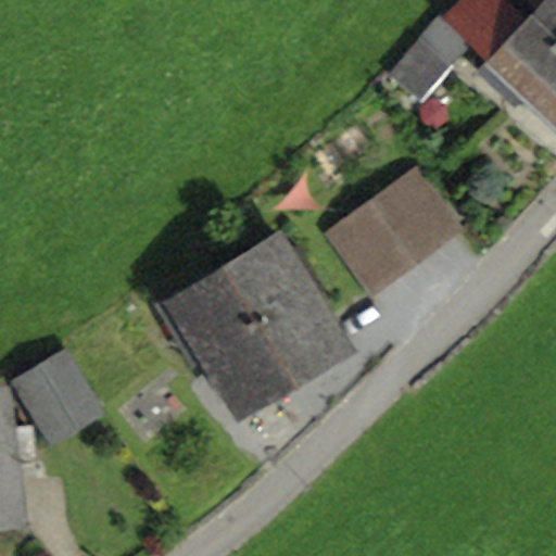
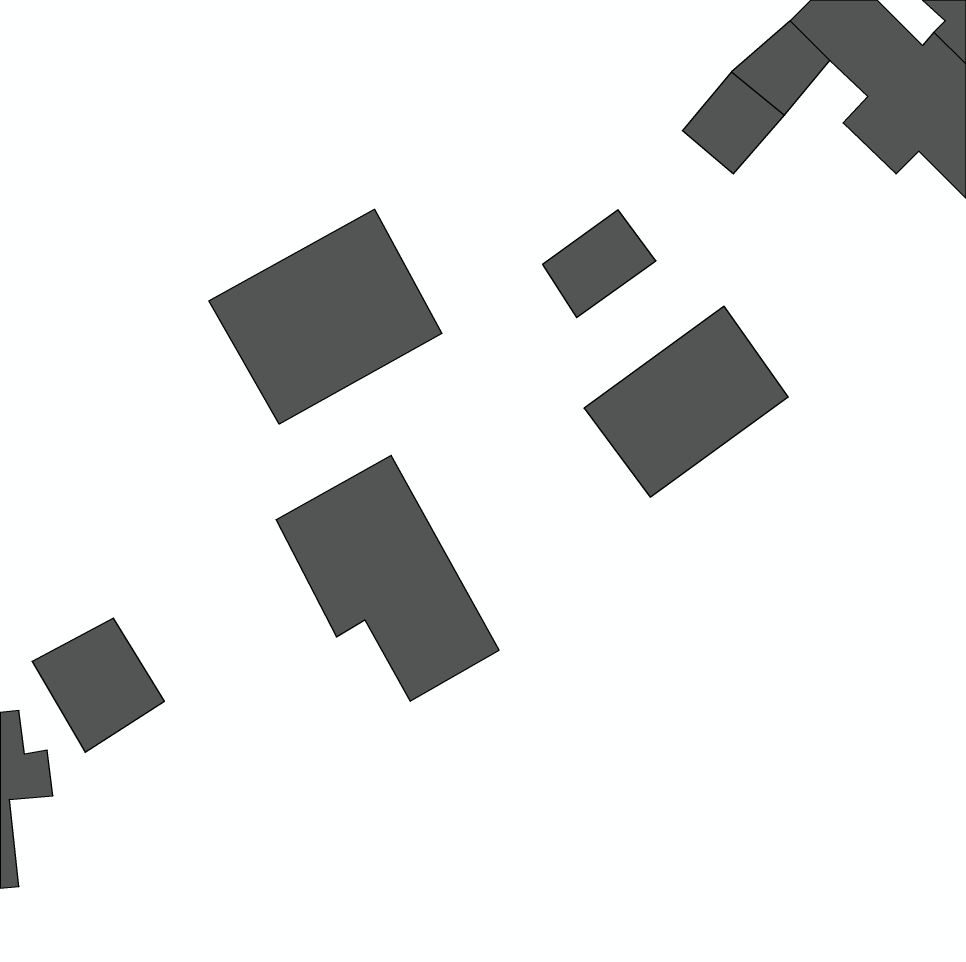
building: none -> [209,209,442,424]
building: [225,237,338,376] -> none

